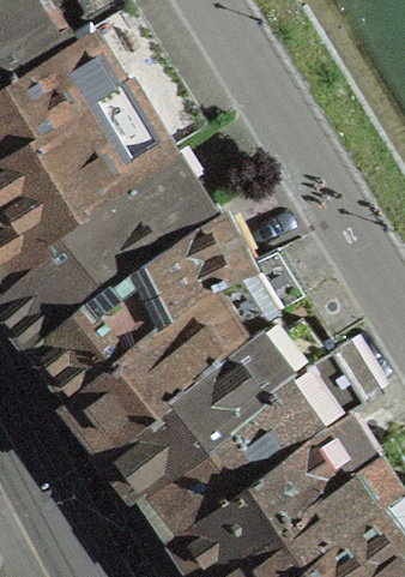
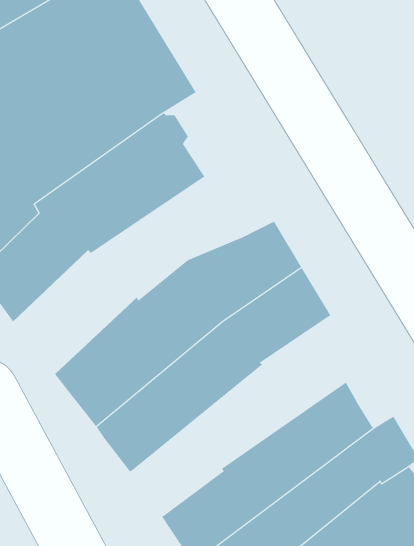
building: [14,209,232,401] -> none
building: [129,344,350,535] -> none

